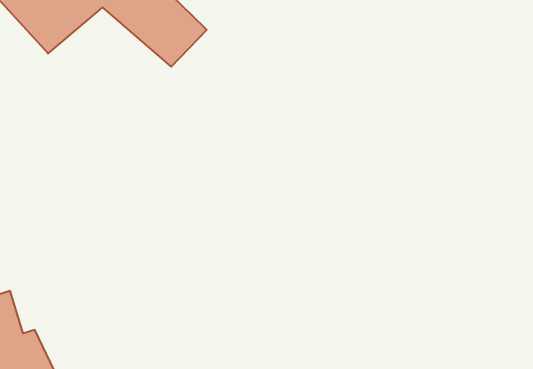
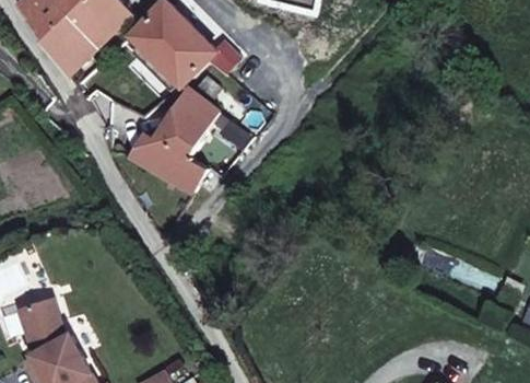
building: none -> [137,82,216,193]

